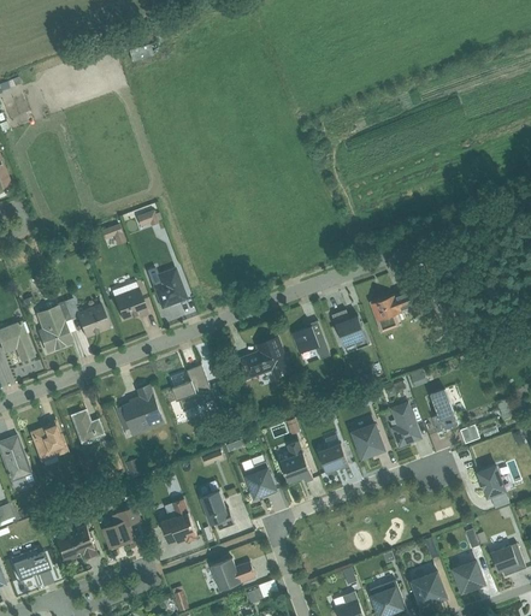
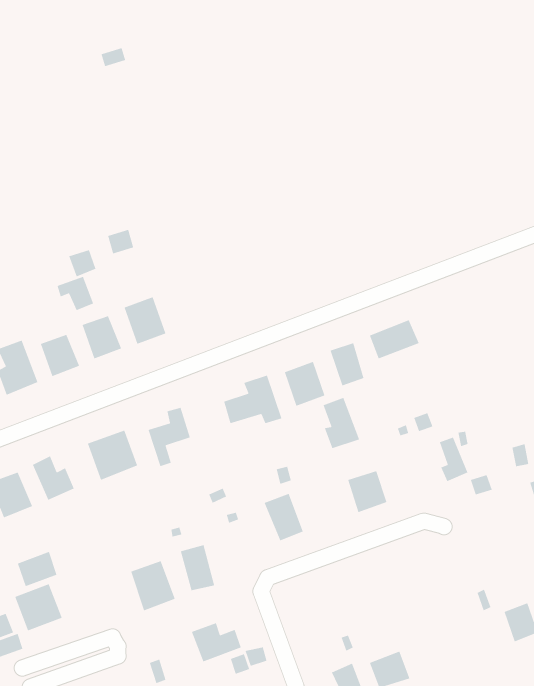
building: none -> [56,276,94,311]
building: [389,401,423,448] -> [322,397,360,449]
building: [317,442,349,475] -> none
building: [243,463,277,500] -> none
building: [477,464,507,498] -> none
building: [99,520,135,552] -> [17,551,57,587]
building: [450,555,486,596] -> none
building: [407,562,447,606] -> none

